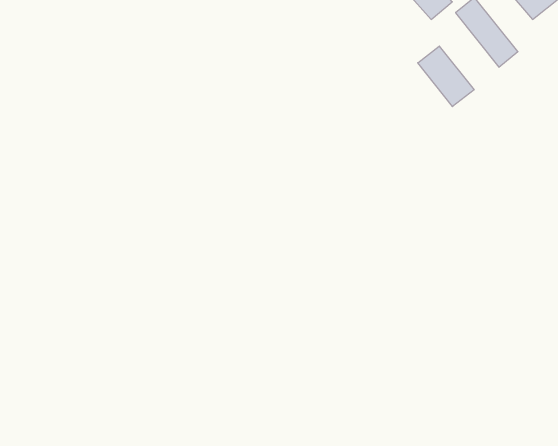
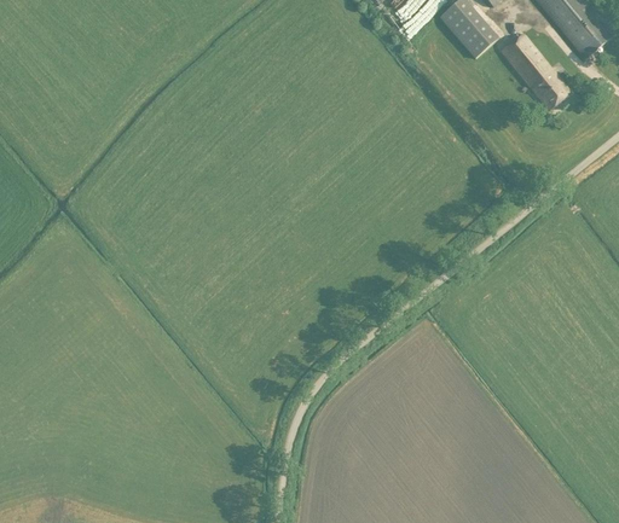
building: [418,46,474,107] -> none

